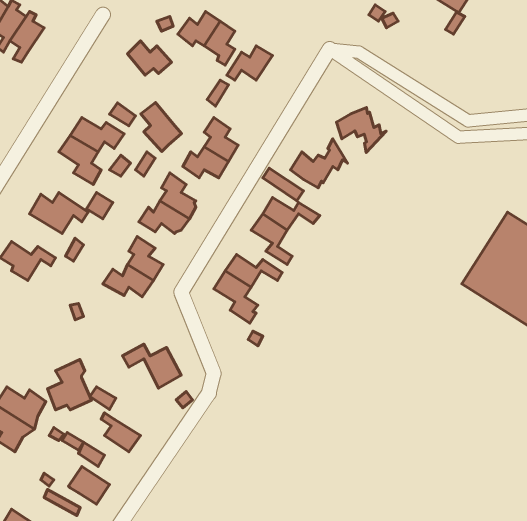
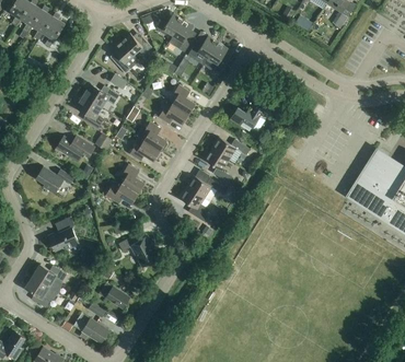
building: none -> [204,42,229,74]
building: [141,103,181,151] -> [112,40,139,73]
building: [337,107,386,152] -> none
building: [47,359,91,410] -> [49,215,79,249]

